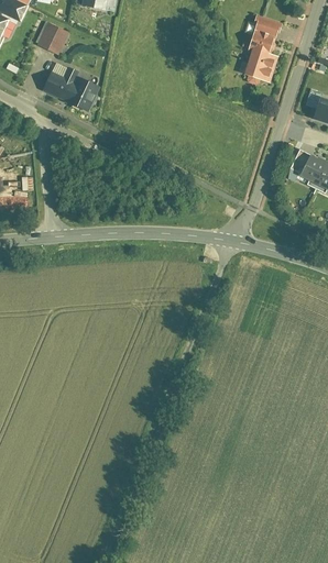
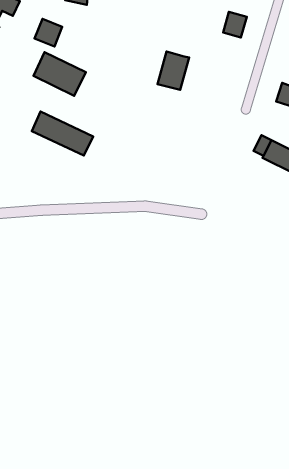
building: [243,41,278,84] -> [158,52,189,90]
building: none -> [32,111,93,155]

